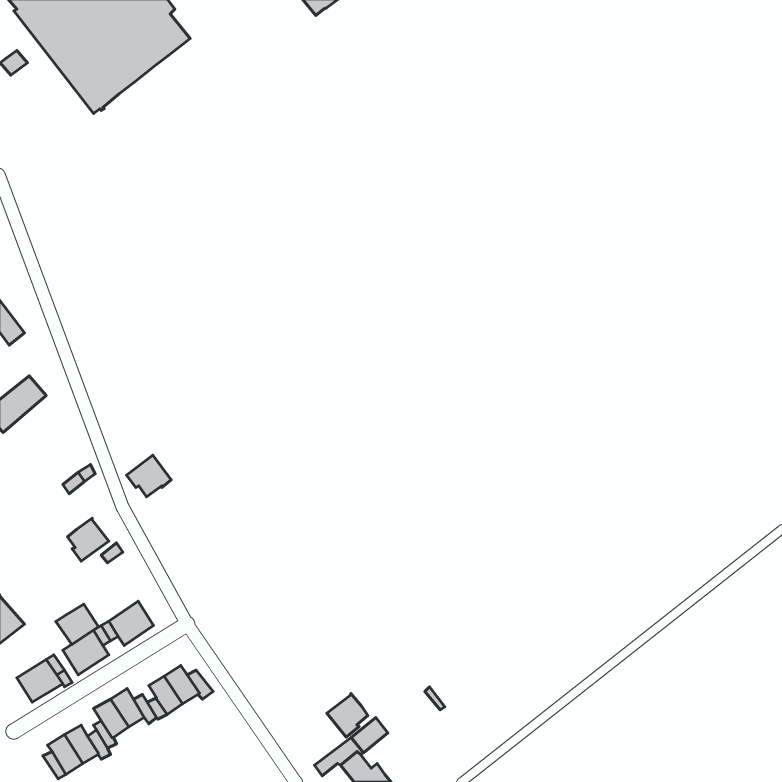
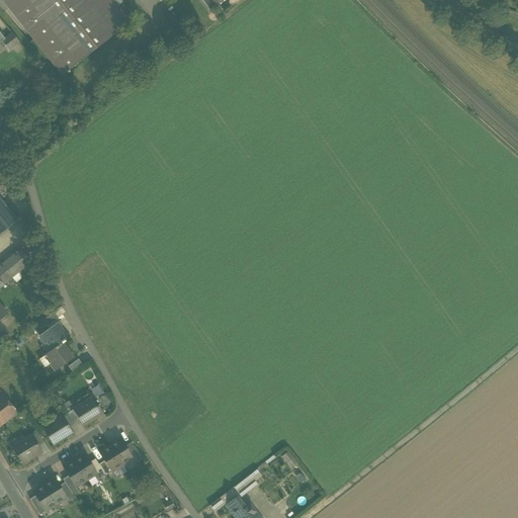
building: [127,455,171,497] -> [37,322,67,349]
building: [56,604,98,644] -> none
building: [327,694,368,737] -> none

